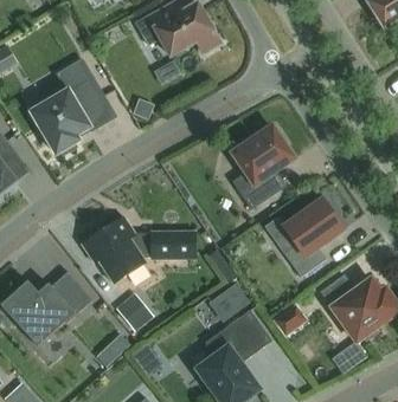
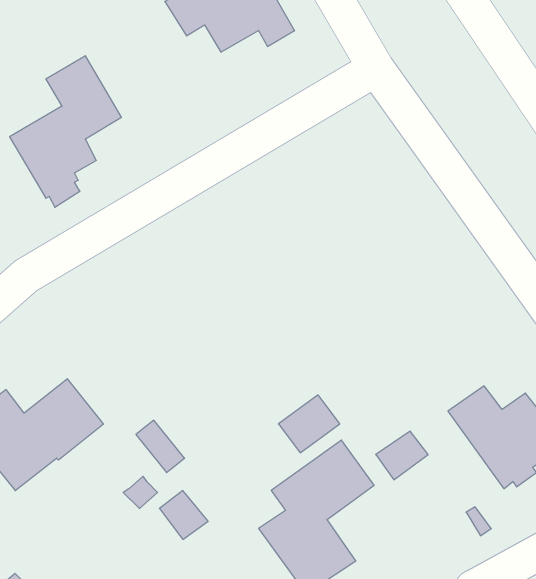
building: [233,127,294,209] -> none
building: [283,199,345,275] -> none
building: [83,216,195,283] -> none

